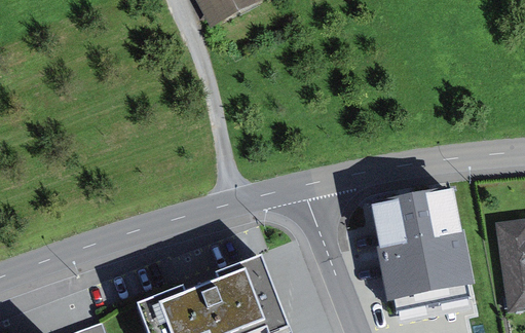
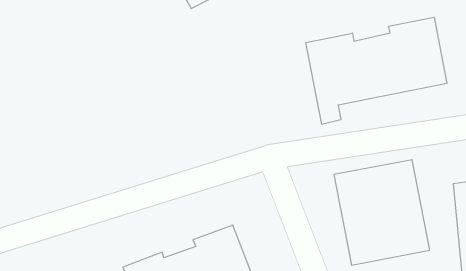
building: none -> [306,17,447,124]

